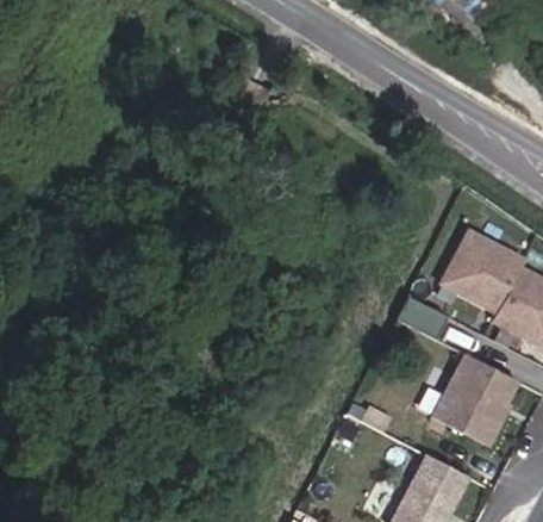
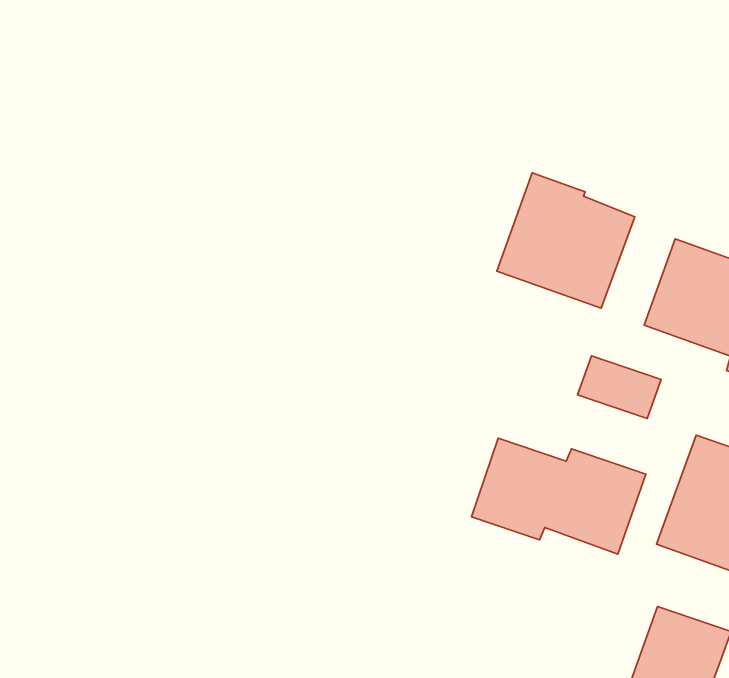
building: none -> [497,173,635,308]
building: none -> [472,438,646,554]

